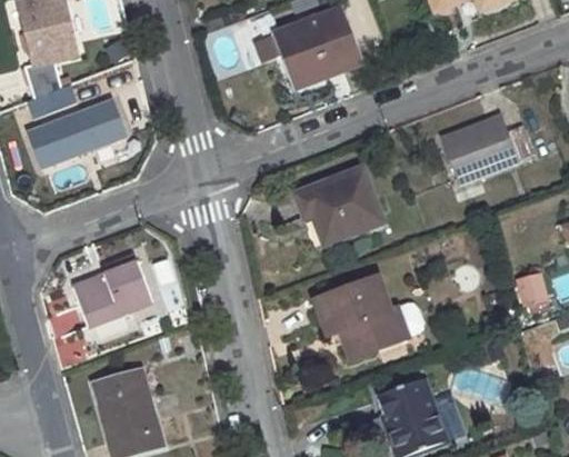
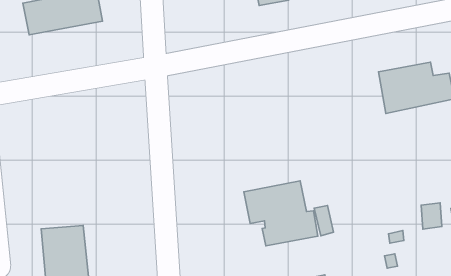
building: [297,169,381,244] -> none
building: [74,257,151,325] -> none

